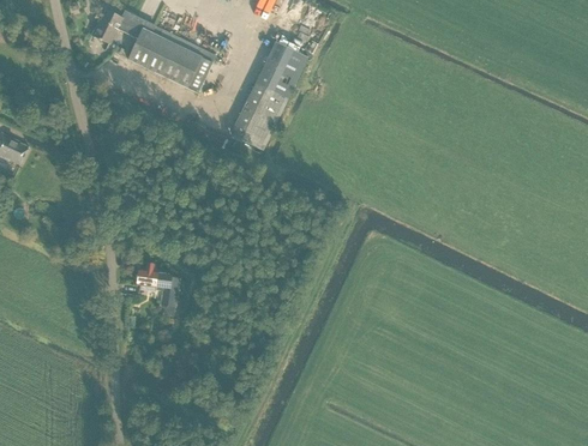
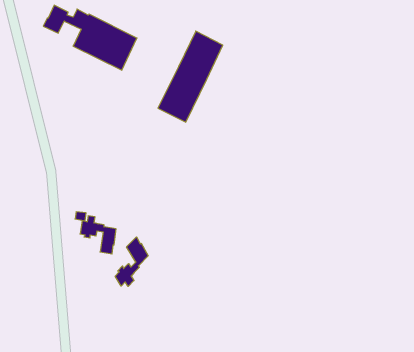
building: none -> [115,237,148,286]

